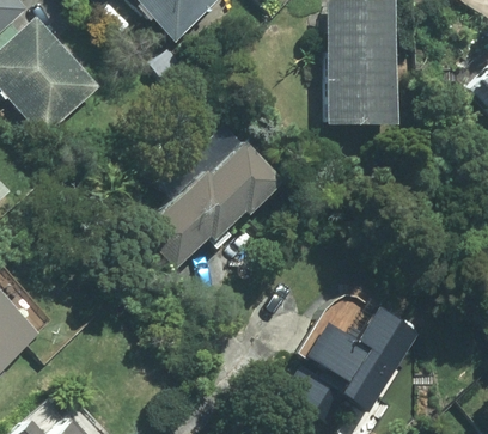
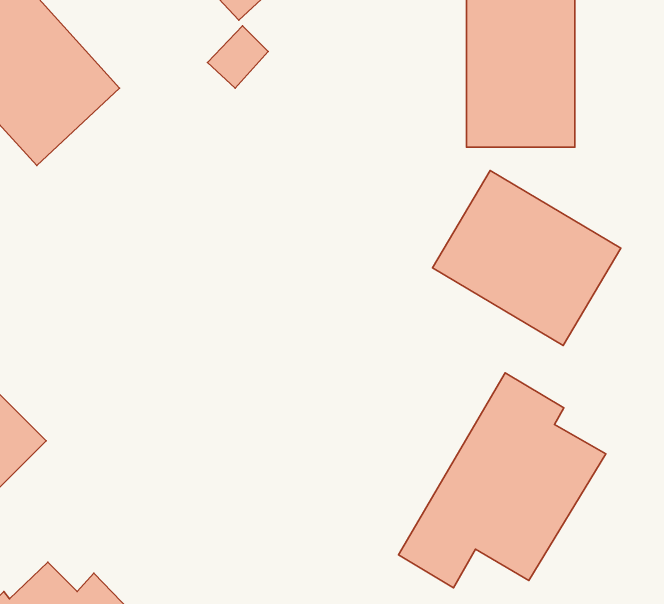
building: [134,117,279,281] -> none
building: none -> [432,171,621,345]

